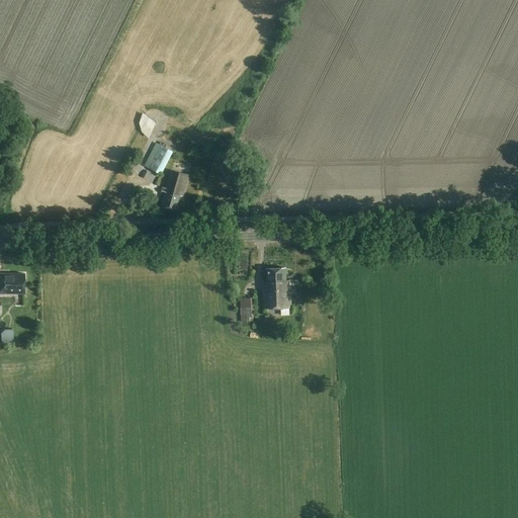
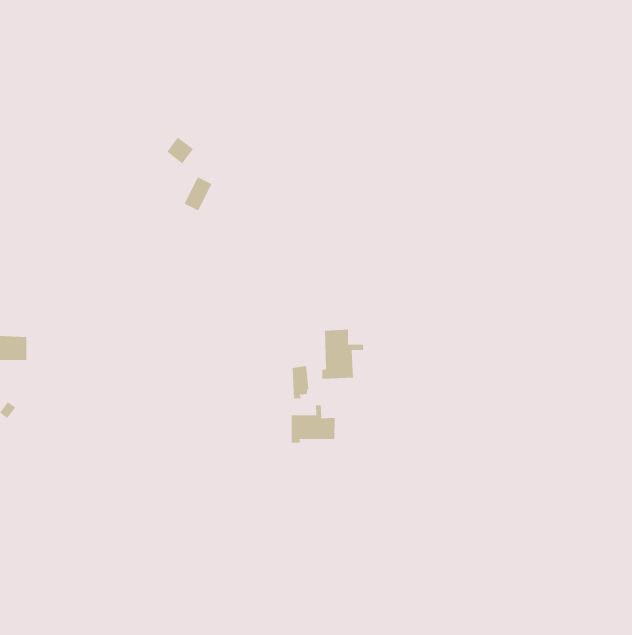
building: [159,170,187,209] -> none
building: none -> [291,405,335,443]

